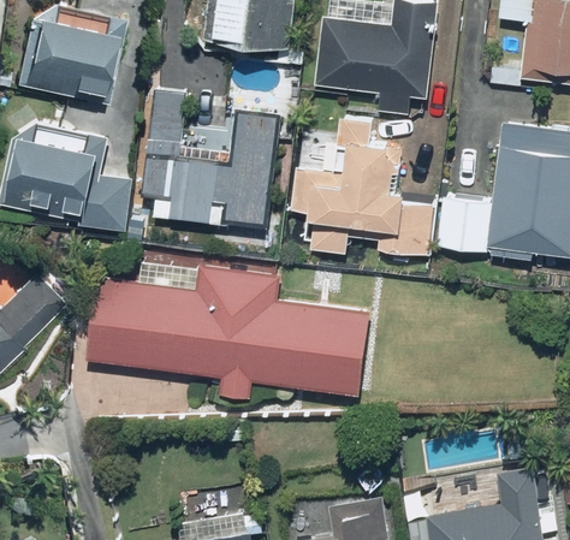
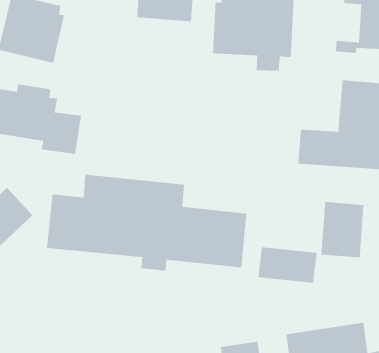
building: [146,94,275,222] -> none
building: [295,121,432,255] -> none
building: none -> [321,201,364,258]
building: none -> [258,247,317,283]

